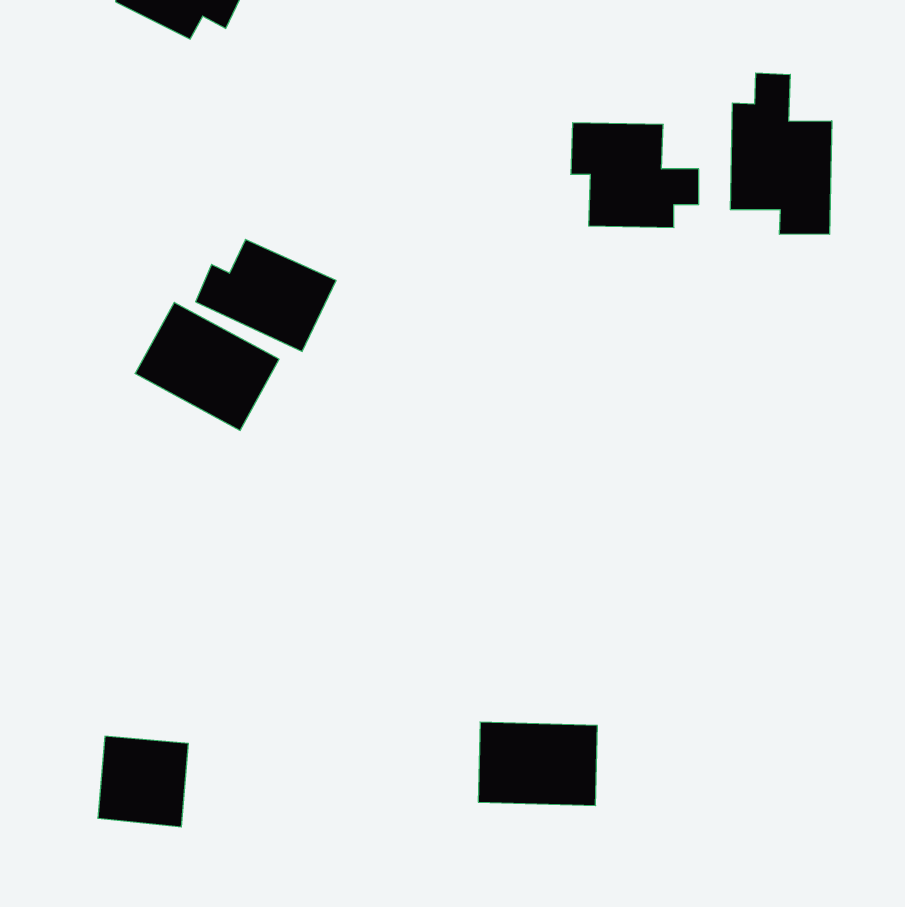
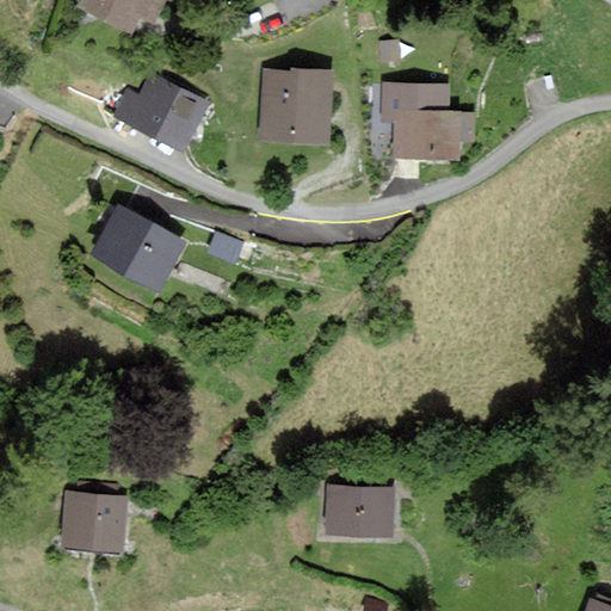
building: [730,73,832,234] -> none
building: none -> [259,70,329,142]
building: [196,239,336,351] -> [115,72,209,147]

